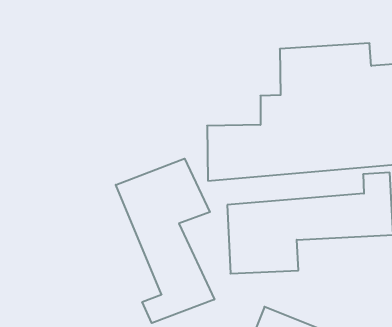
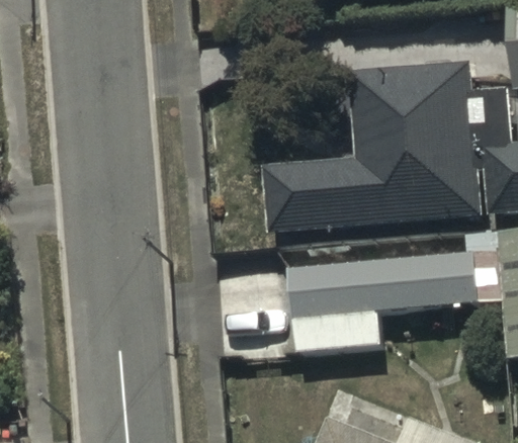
building: [116,159,214,323] -> none

